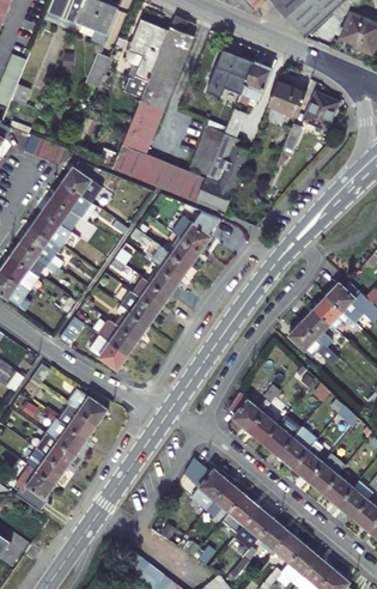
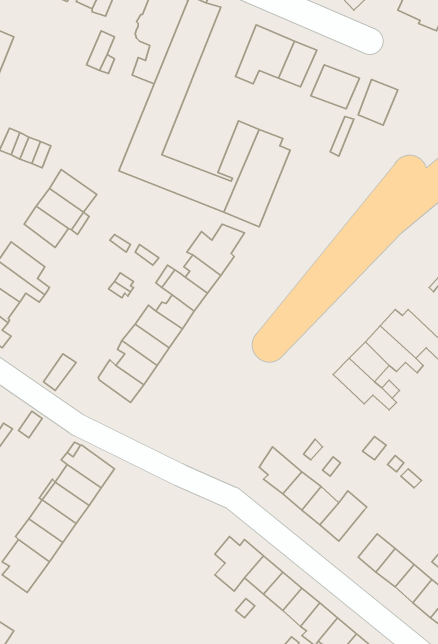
building: [25,211,63,245] -> none
building: [87,338,122,371] -> none
building: [291,443,322,481] -> none

